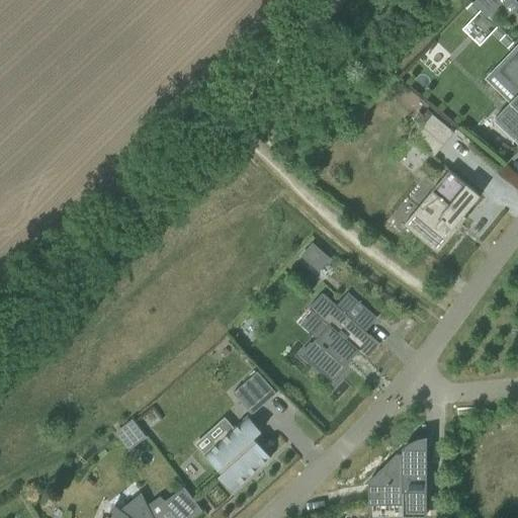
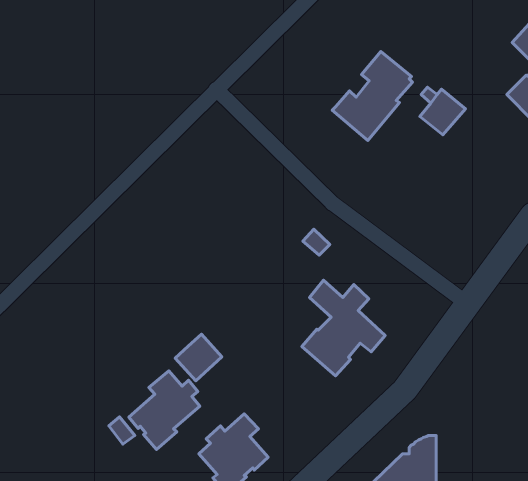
building: [404,170,479,253] -> [332,52,412,141]
building: [233,371,276,415] -> [175,334,222,381]
building: none -> [129,371,200,450]

